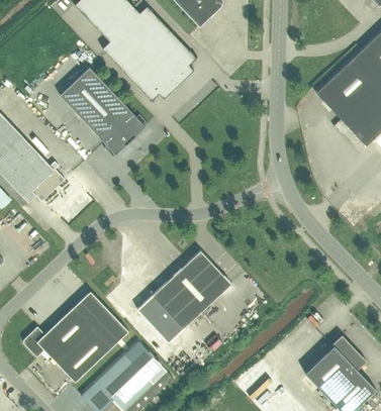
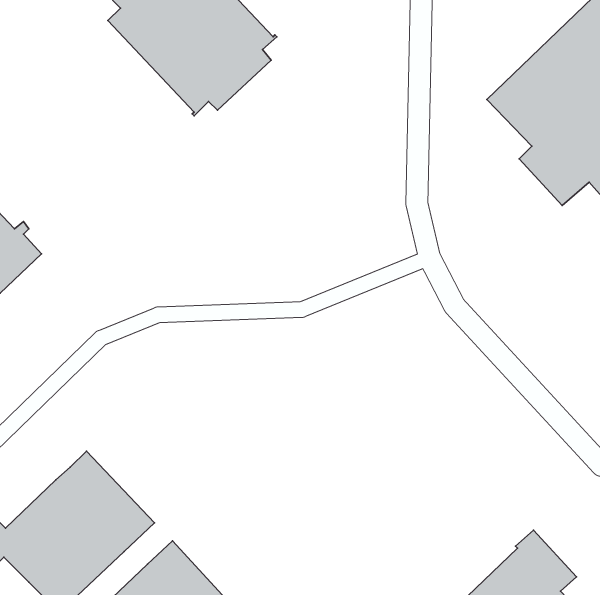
building: [59,68,145,155] -> none
building: [136,250,230,342] -> none

